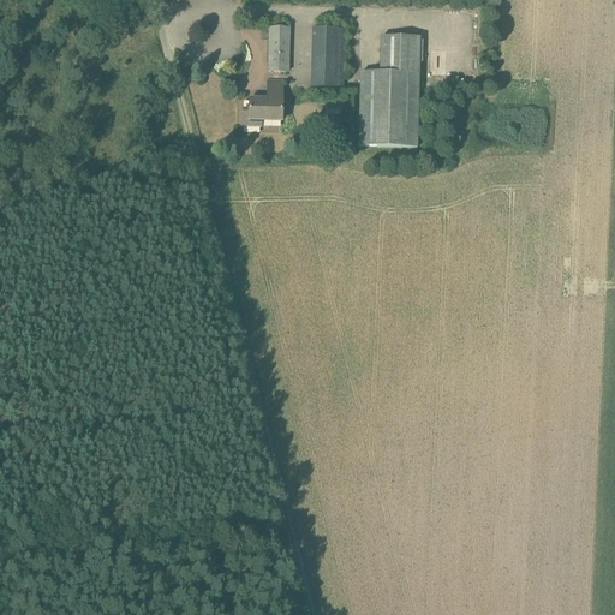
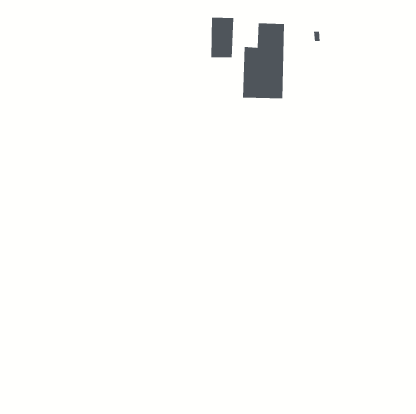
building: [269,24,289,68] -> none
building: [243,76,283,124] -> none

